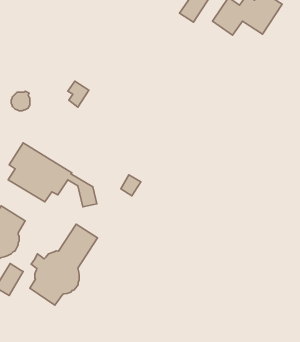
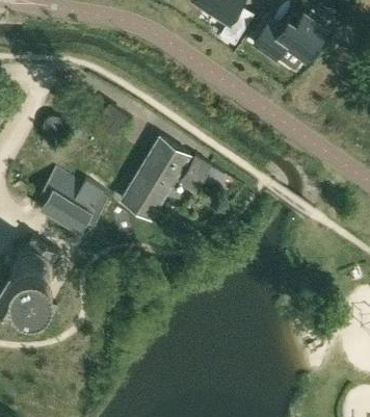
building: none -> [121,137,210,219]
building: [30,224,98,305] -> none

